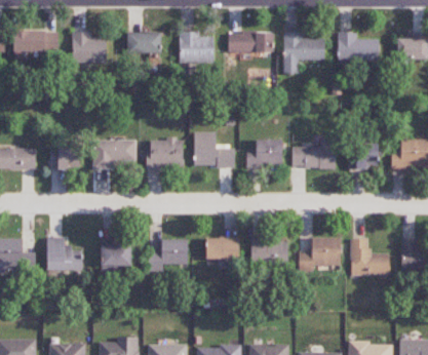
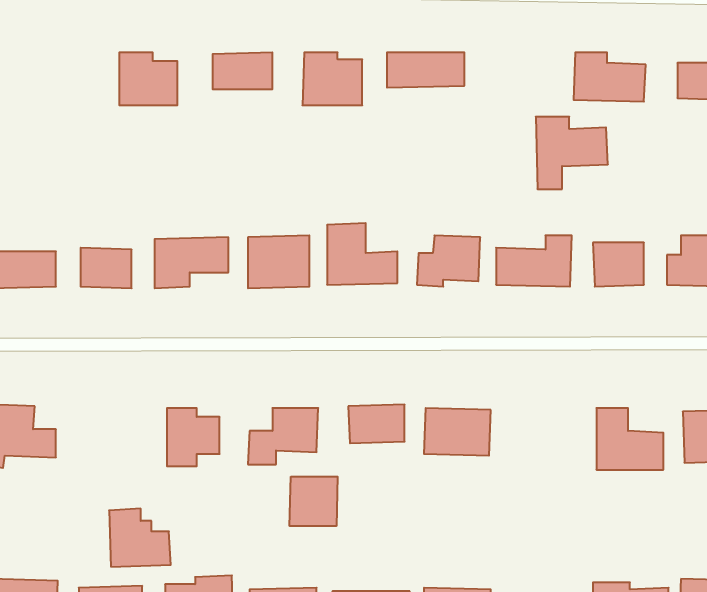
building: [12,31,57,51] -> none
building: [282,32,324,74] -> [536,117,608,189]
building: [46,237,82,271] -> [109,509,171,567]
building: [298,237,340,271] -> none
building: none -> [290,477,338,526]

